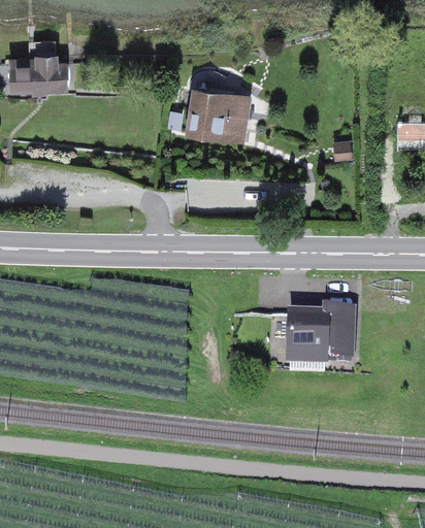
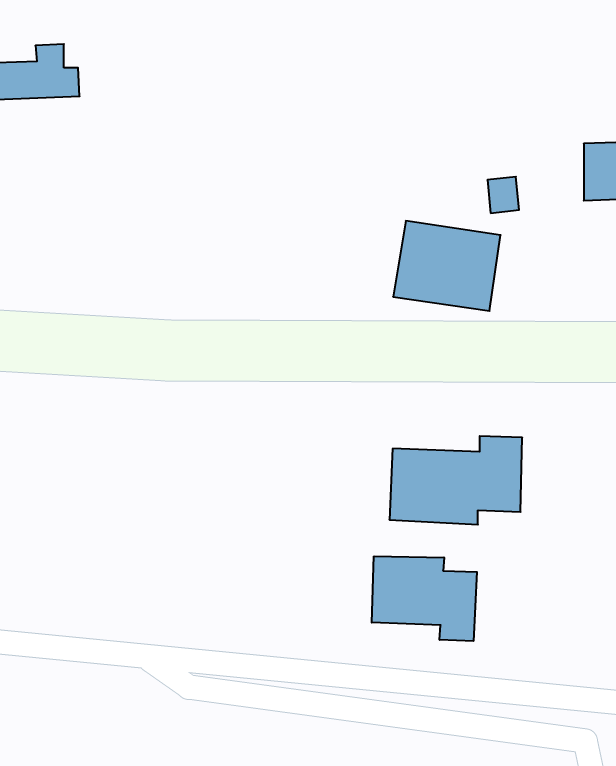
building: [184,80,254,139] -> [393,221,501,311]
building: none -> [372,556,477,641]

